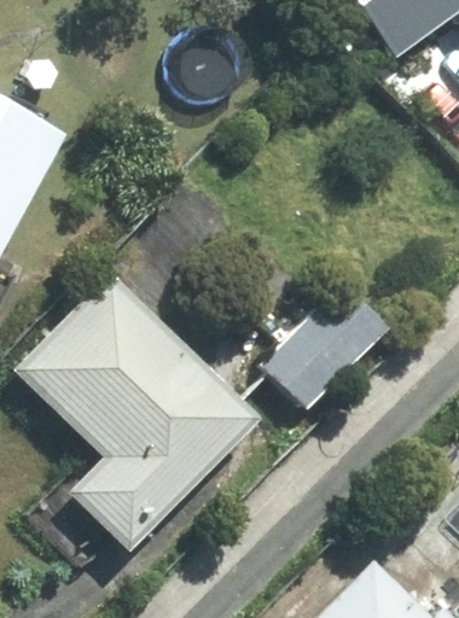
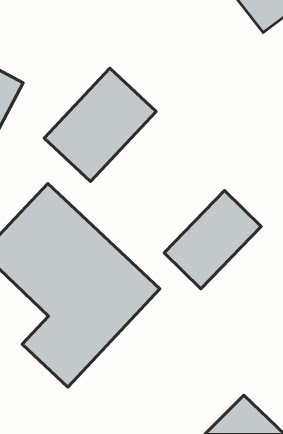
building: none -> [44,68,156,182]

